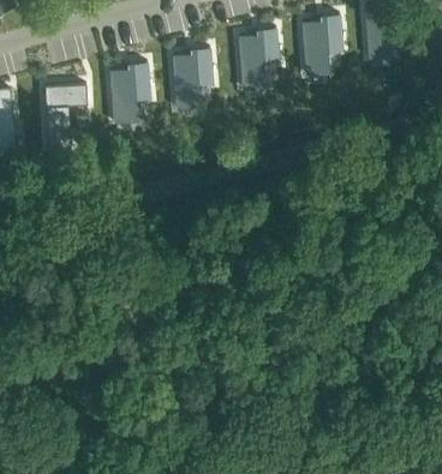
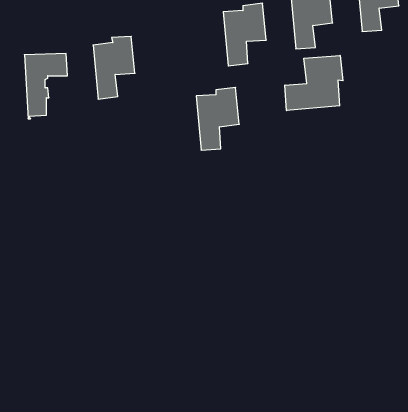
building: [172,48,214,109] -> [196,87,239,150]
building: none -> [285,55,343,111]

